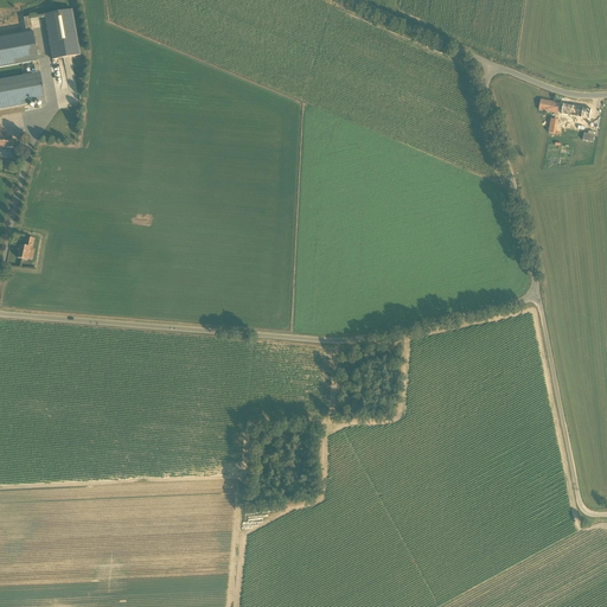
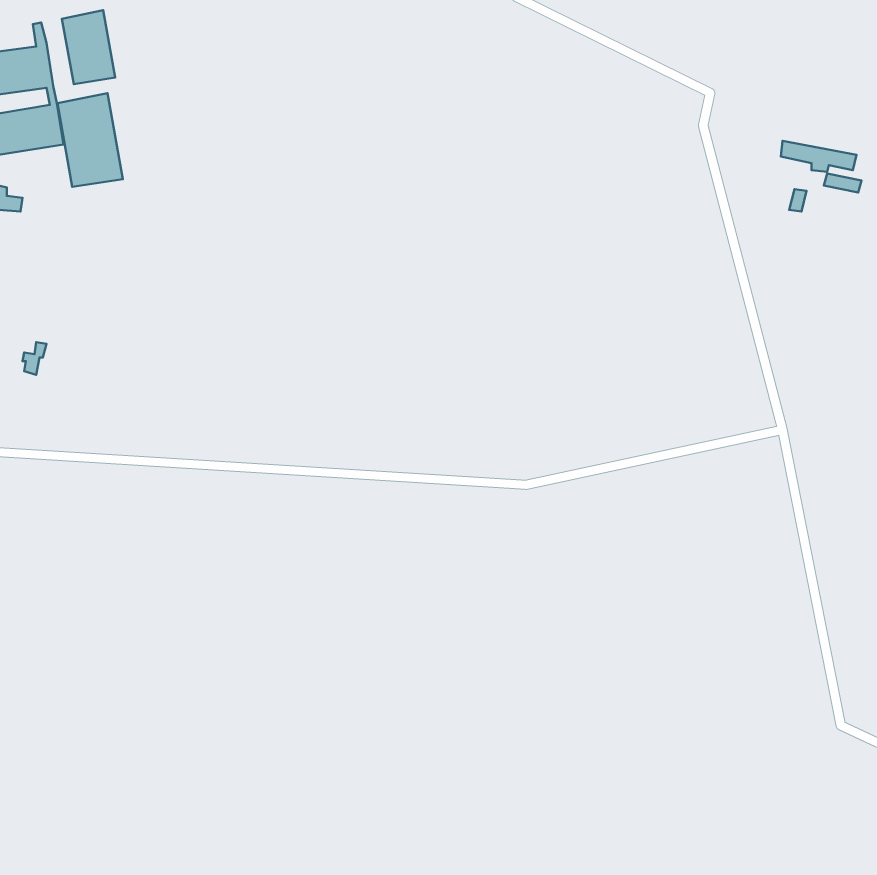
building: none -> [57,93,123,187]

